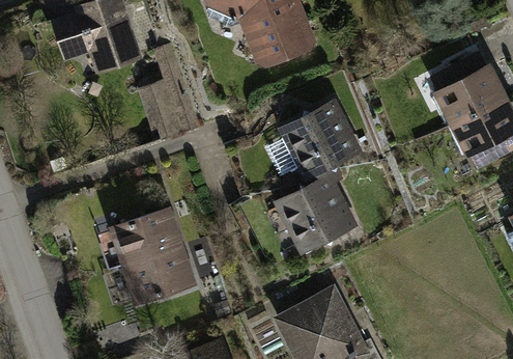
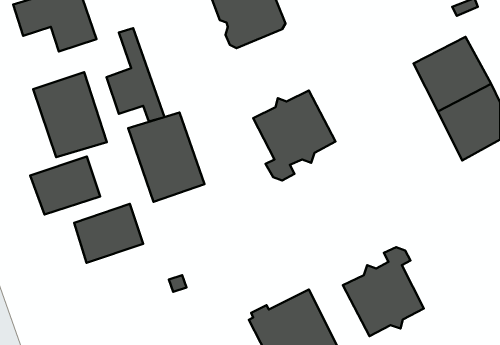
building: none -> [33,72,107,157]
building: none -> [128,112,205,202]
building: [277,168,352,251] -> [343,247,424,336]
building: [125,247,191,301] -> [30,156,100,214]

